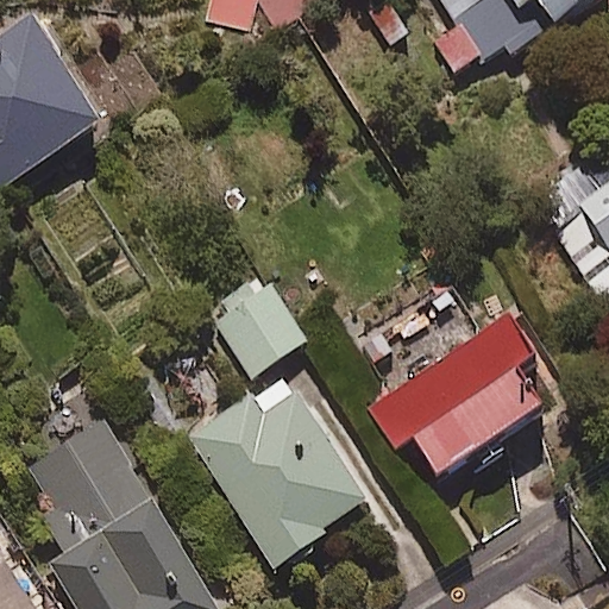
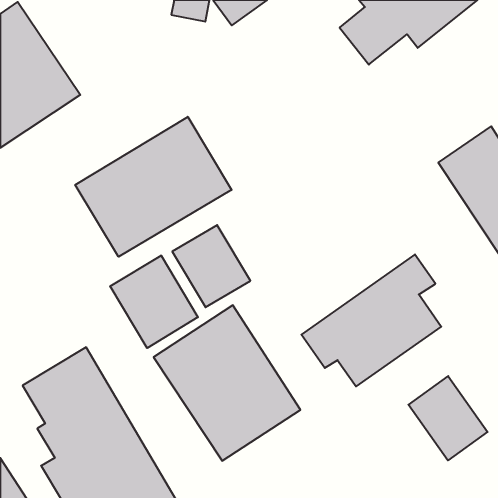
building: none -> [75,117,232,257]
building: none -> [110,255,198,348]
building: none -> [408,376,488,460]

